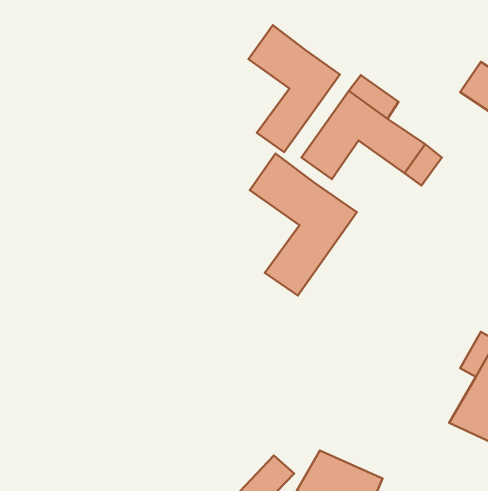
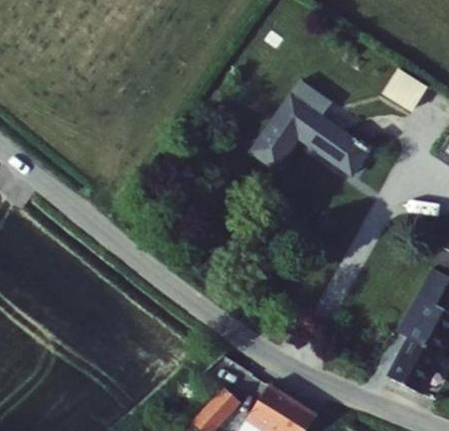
building: [248,25,340,152] -> none
building: [250,154,357,296] -> none

